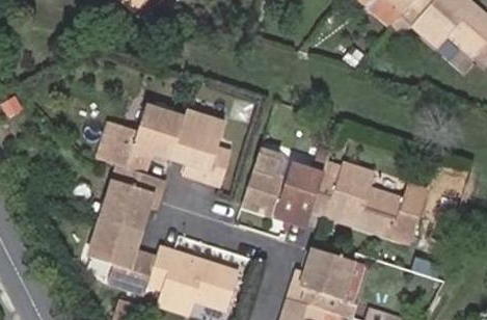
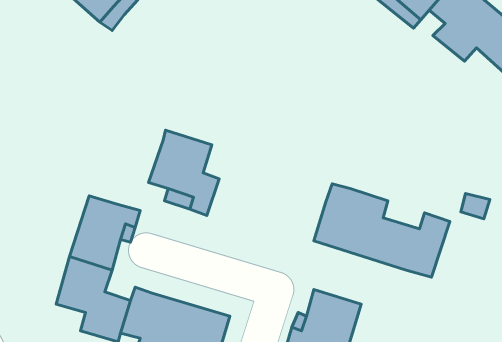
building: [109,108,184,176] -> none
building: [243,148,330,223] -> none

